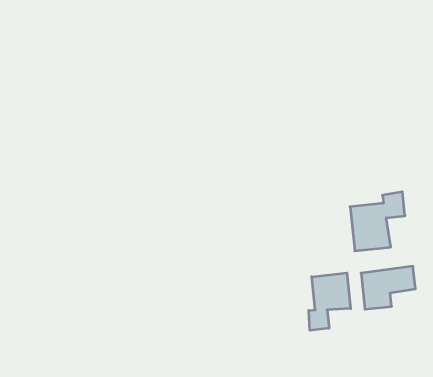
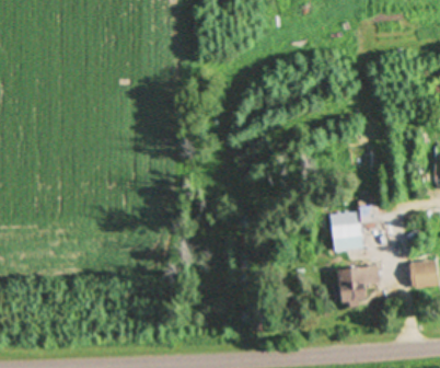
building: [309,273,351,330] -> none

